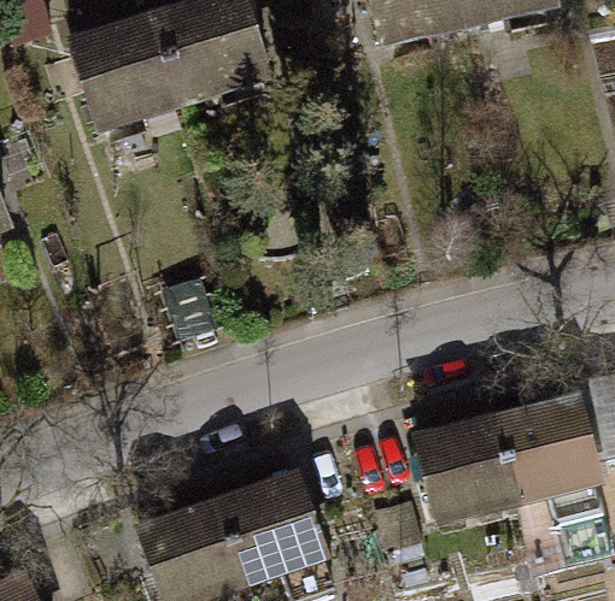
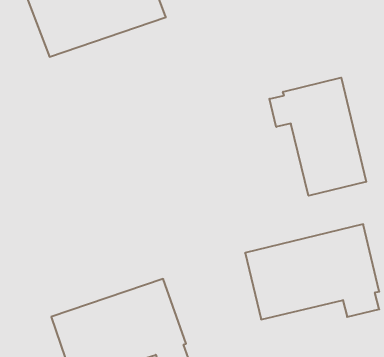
building: none -> [269,78,366,196]

